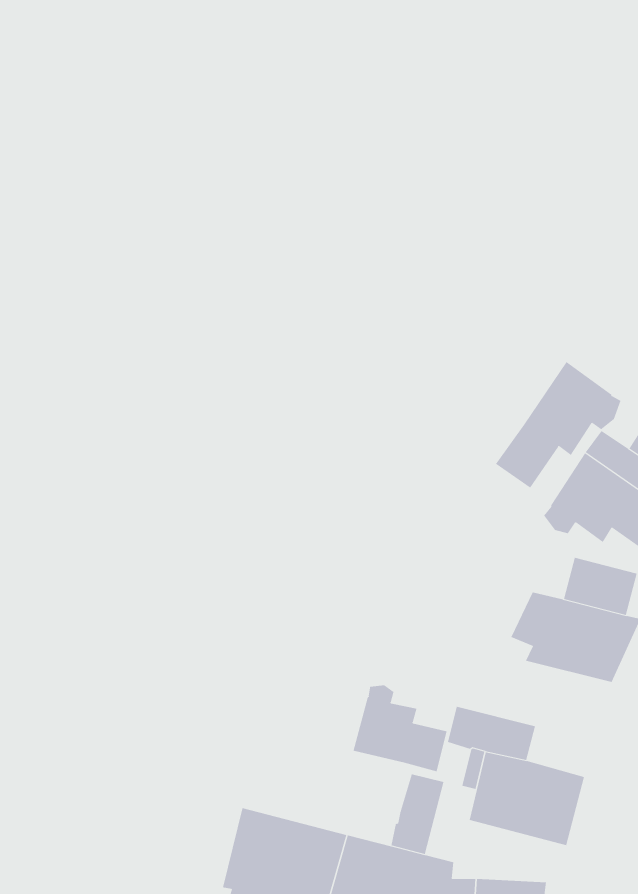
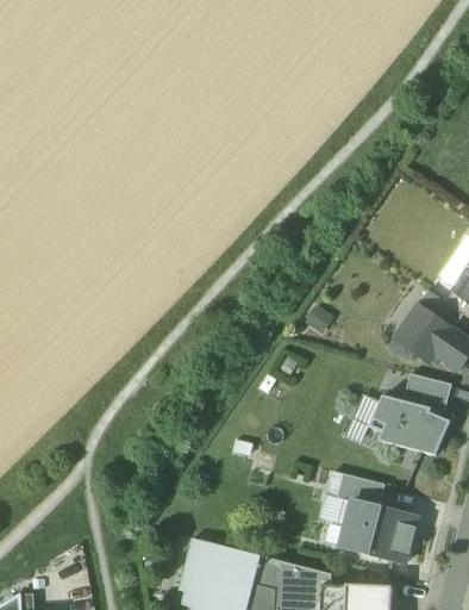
building: [495,361,621,489] -> none
building: [353,684,447,772] -> none
building: [391,774,444,855] -> none

